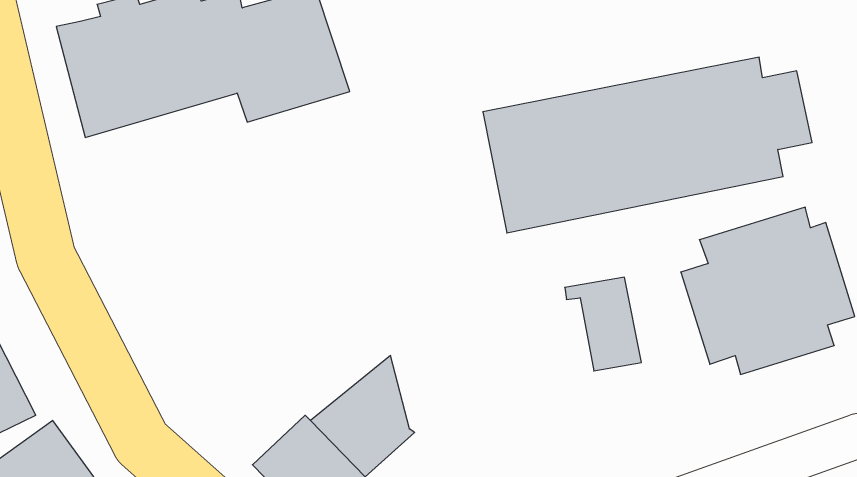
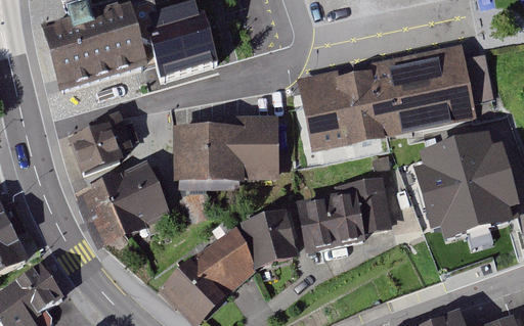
building: none -> [68,111,132,175]
building: none -> [173,117,278,182]
building: none -> [76,160,173,243]
building: none -> [296,189,365,252]
building: none -> [241,209,298,268]

